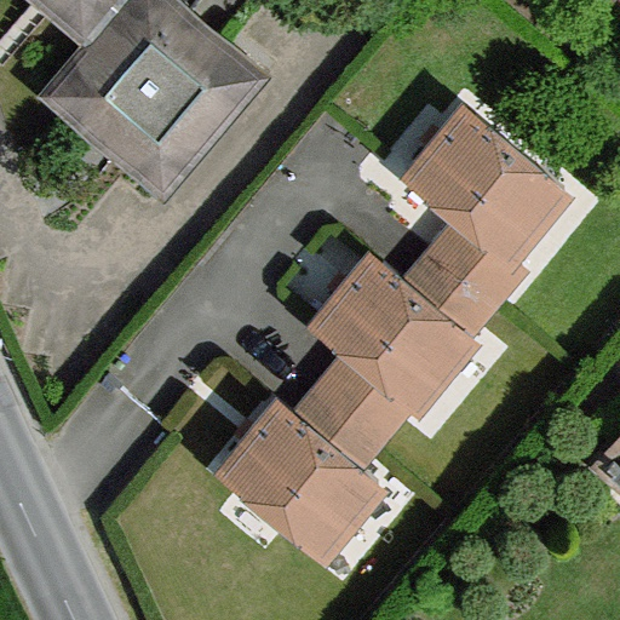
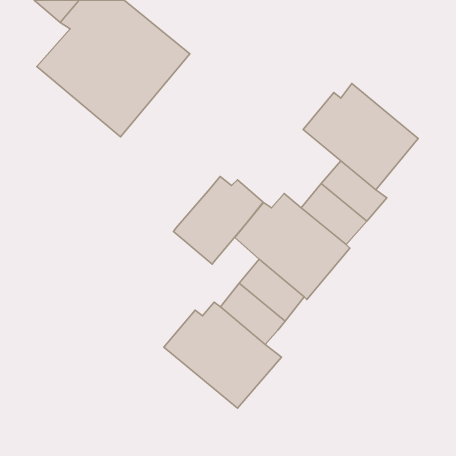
building: none -> [173,176,263,264]

